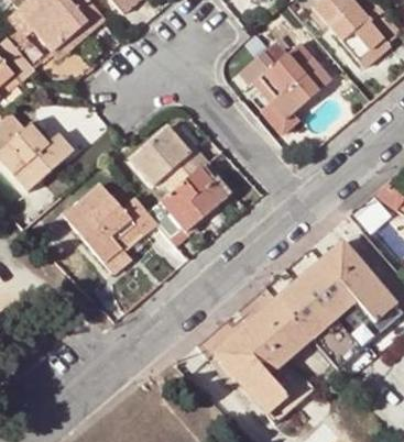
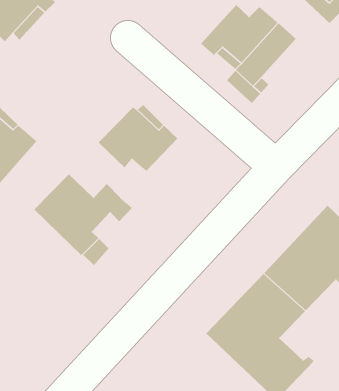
building: [148,168,228,242] -> none

